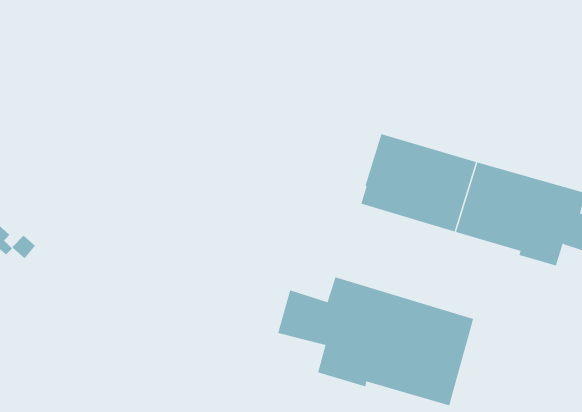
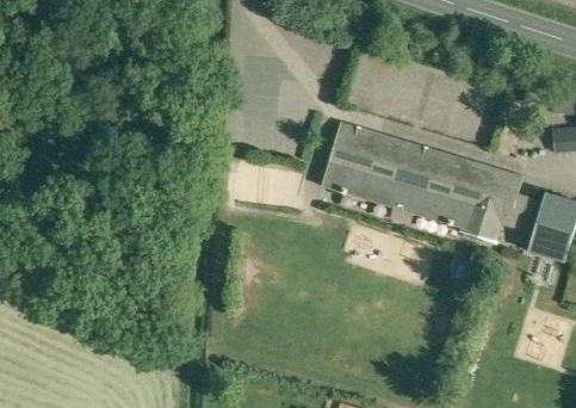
building: [278,277,474,406] -> none

